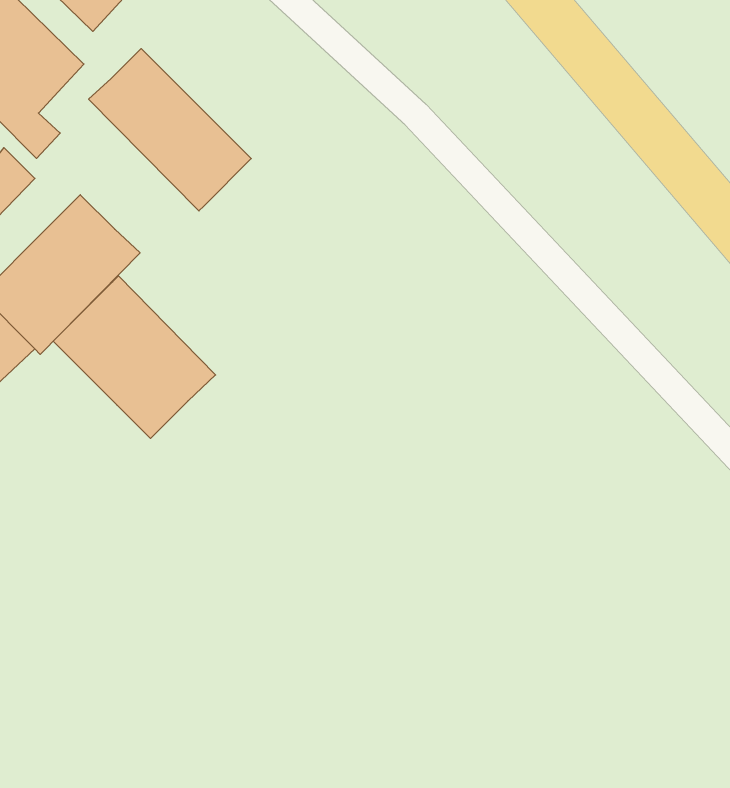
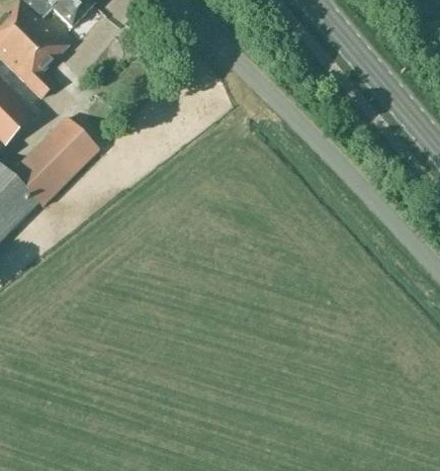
building: [89,49,251,211] -> none
building: [53,276,216,438] -> none

